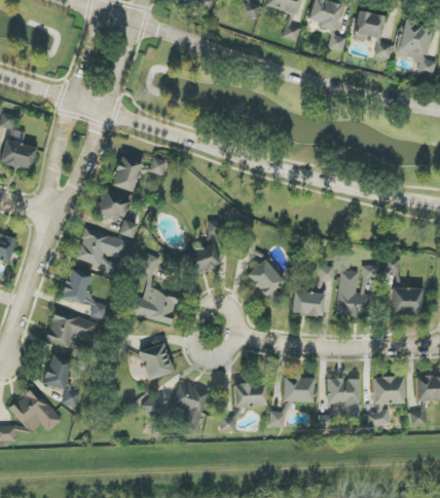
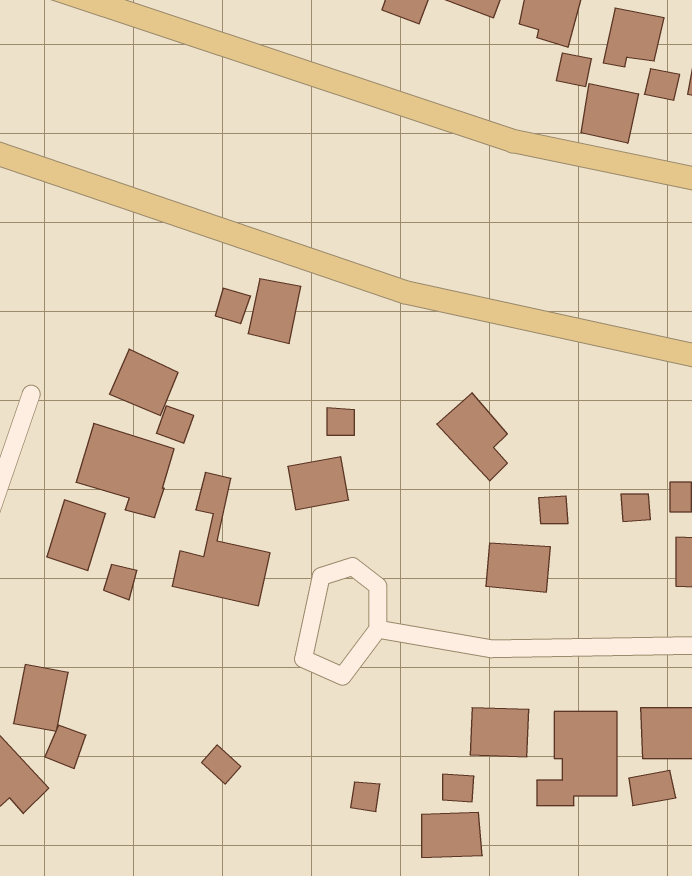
building: none -> [581,84,638,143]
building: [112,157,140,191] -> [248,279,301,343]
building: [246,259,283,305] -> [437,393,507,481]
building: [337,270,370,316] -> none
building: [46,312,97,347] -> none
building: [140,343,172,379] -> none
building: [172,382,210,433] -> none
building: [234,383,266,407] -> [422,812,482,857]

